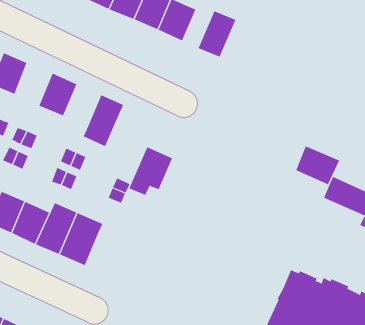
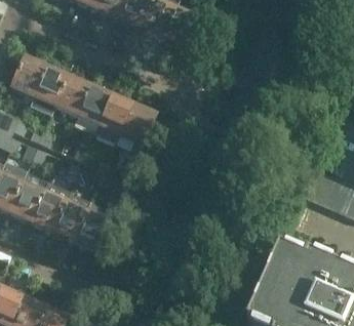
building: [198,11,236,57] -> none
building: none -> [28,65,66,112]
building: none -> [76,84,110,122]
building: [295,146,340,185] -> none
building: [129,147,173,195] -> [114,103,154,147]

